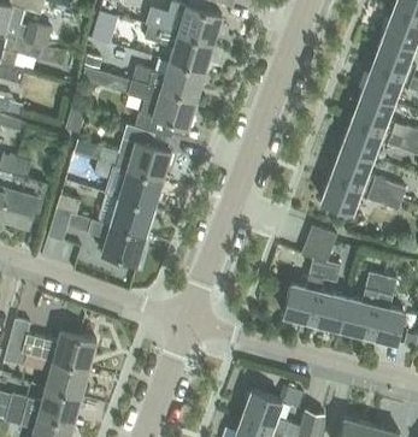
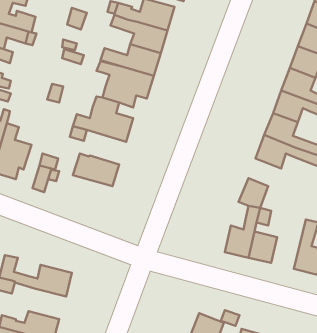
building: [118,170,163,208] -> none
building: [94,222,146,264] -> none
building: [340,272,382,336] -> none
building: [43,360,89,397] -> none

